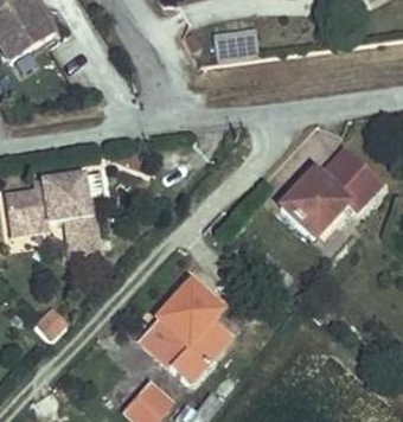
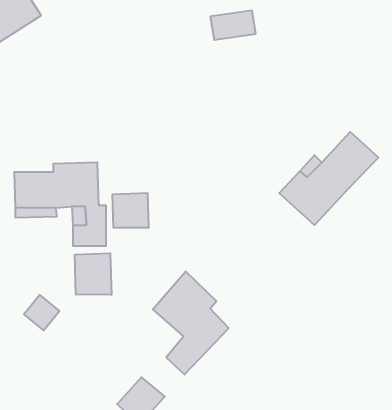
building: none -> [113,193,148,228]
building: none -> [75,253,111,295]
building: [140,319,187,365] -> none

